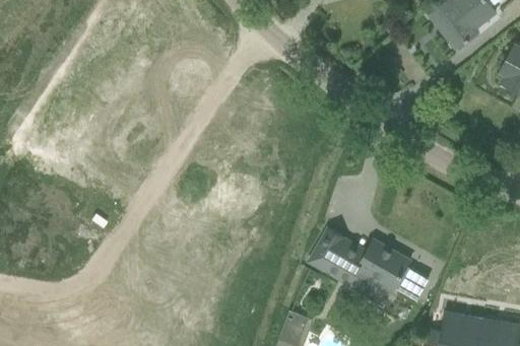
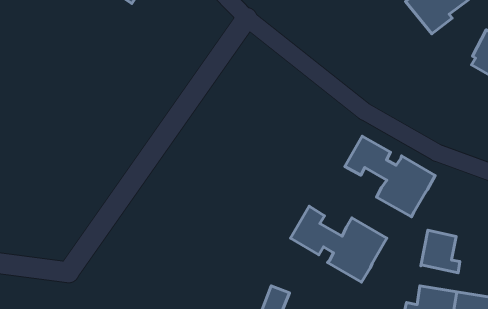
building: none -> [345,136,435,217]
building: none -> [421,230,460,273]

